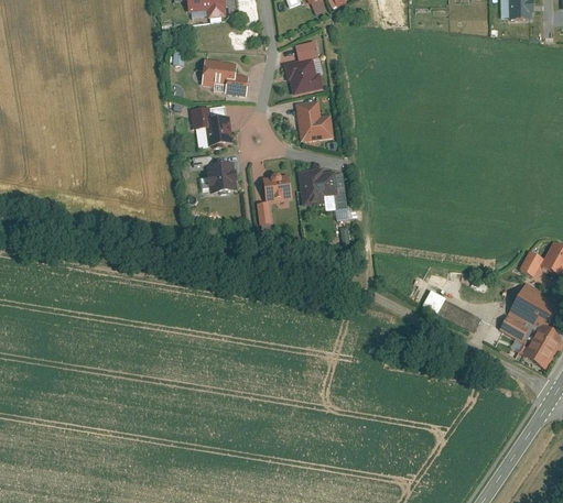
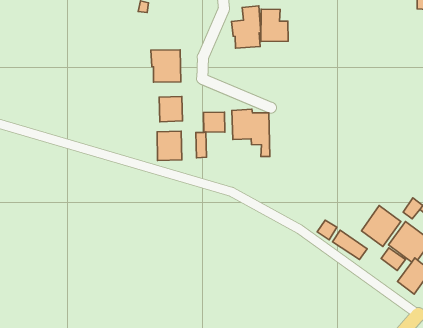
building: [202,57,248,95] -> none
building: [296,100,334,142] -> [261,9,288,42]
building: none -> [157,131,182,160]
building: none -> [361,206,401,246]

